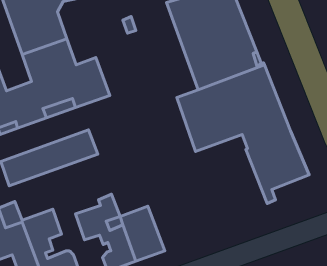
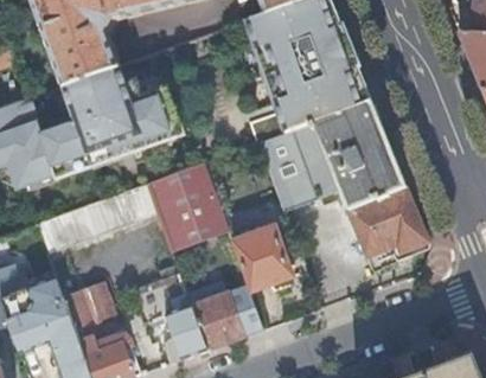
building: none -> [146,162,226,249]
building: none -> [230,226,289,290]

